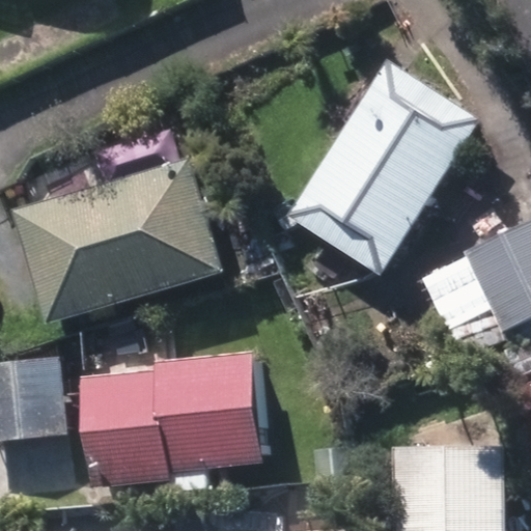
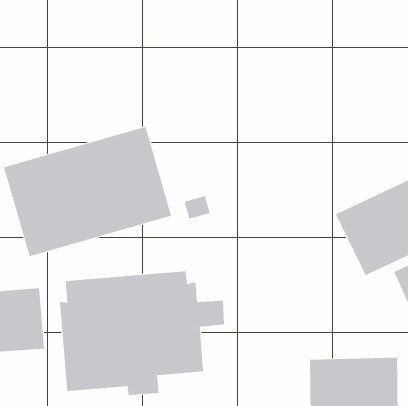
building: [287,63,476,275] -> none

